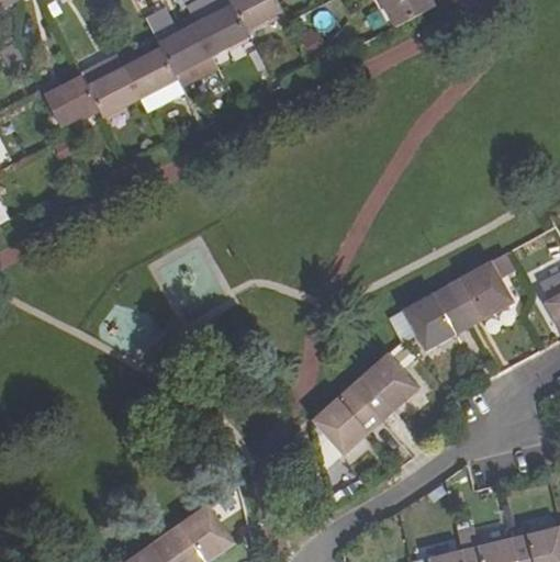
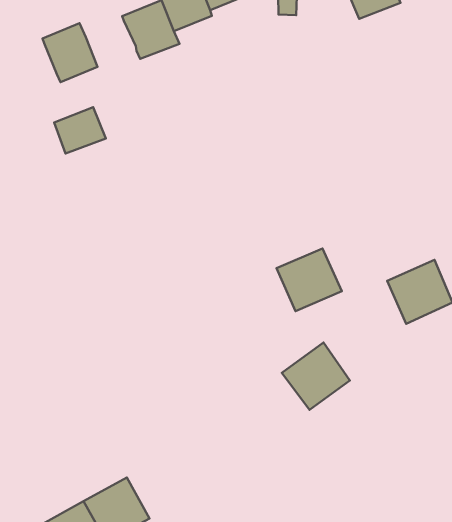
building: [124,52,176,100] -> none
building: [46,81,99,130] -> [54,107,106,153]
building: [402,284,469,349] -> [276,248,342,311]
building: [312,385,381,454] -> none

